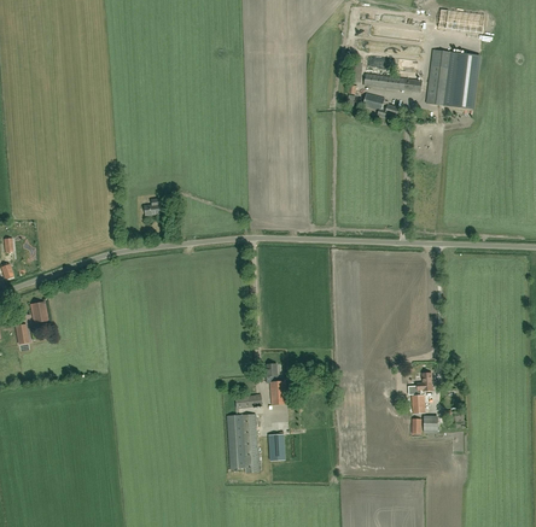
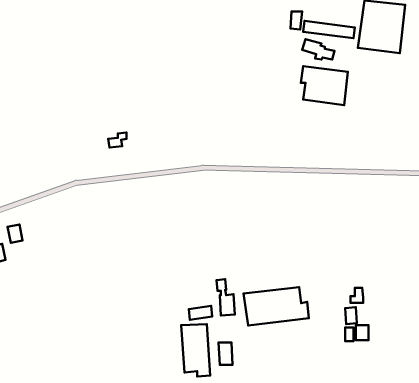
building: none -> [301,66,348,105]
building: none -> [244,287,309,326]

